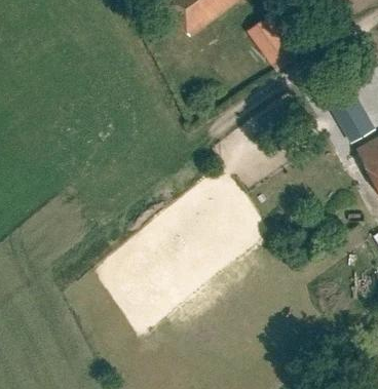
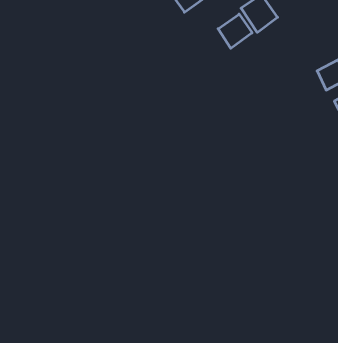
building: none -> [218,14,252,48]

